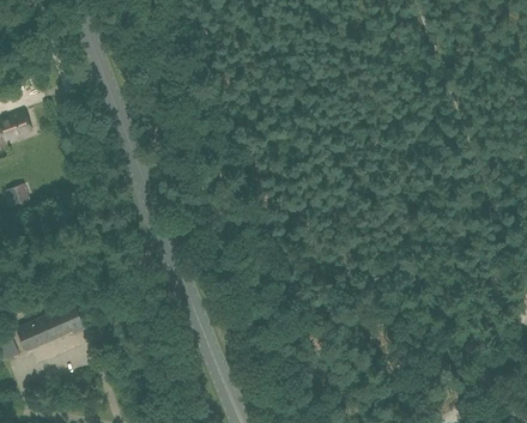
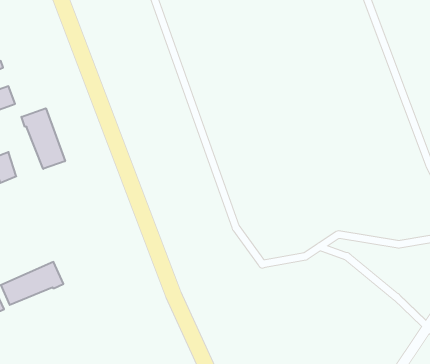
building: none -> [21,108,65,169]

